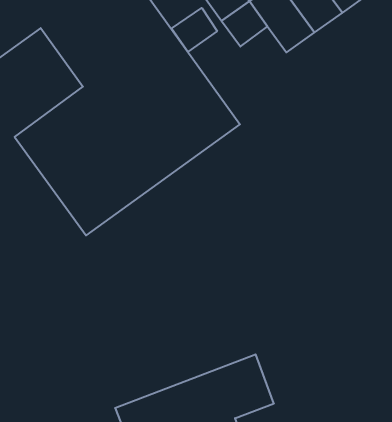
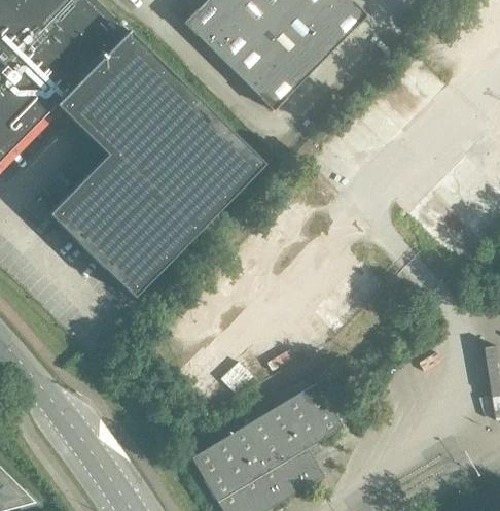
building: [171,8,217,52] -> none
building: none -> [252,64,297,110]

